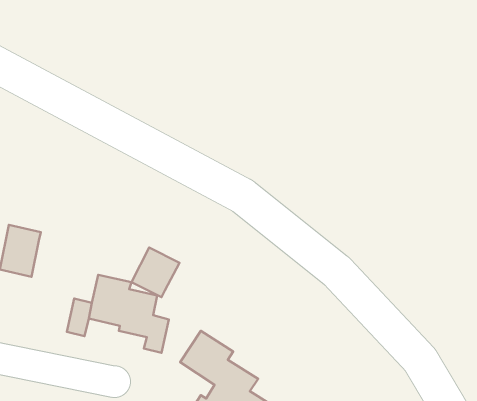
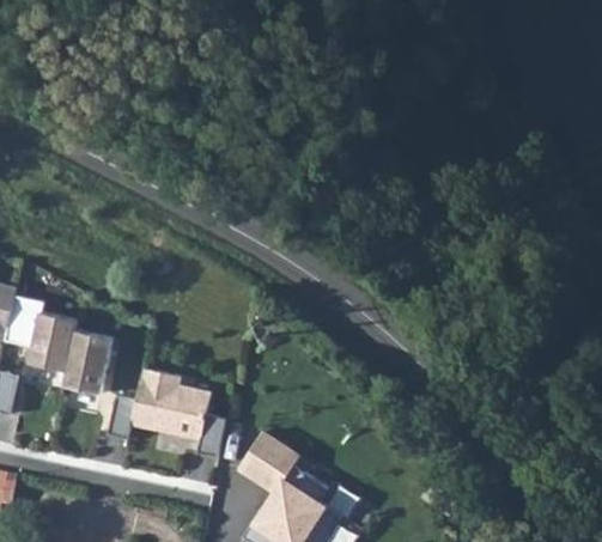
building: none -> [63,329,114,394]
building: [131,247,180,297] -> none

